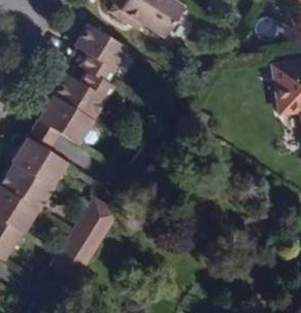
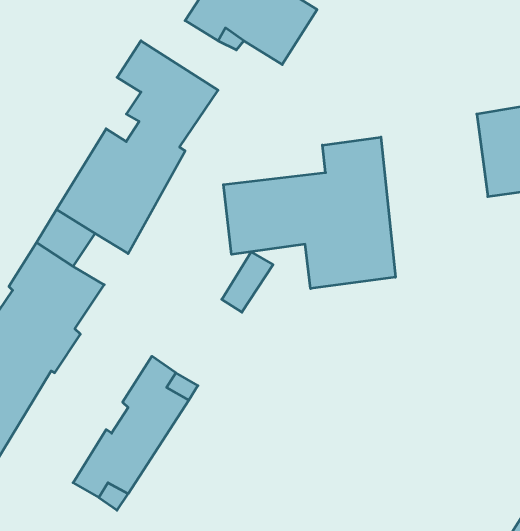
building: none -> [223,137,395,289]

